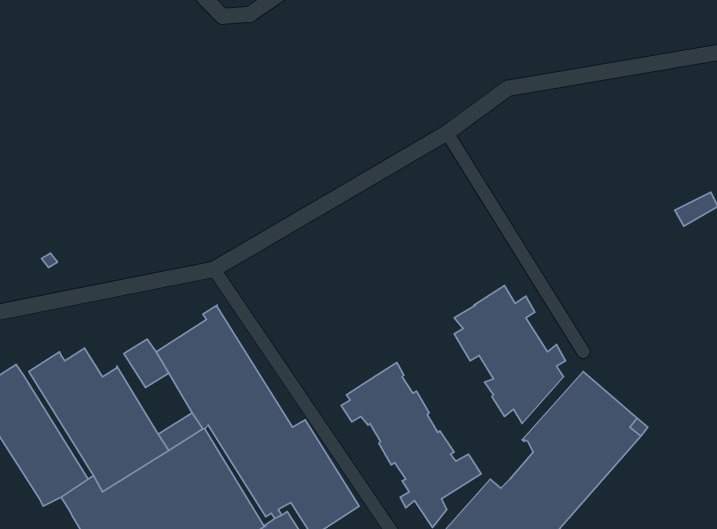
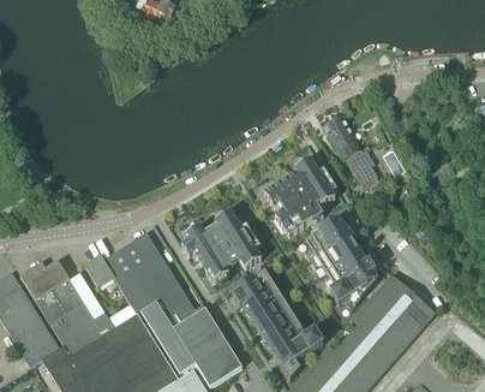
building: none -> [324,115,381,192]
building: none -> [264,160,337,237]
building: none -> [181,210,261,283]

